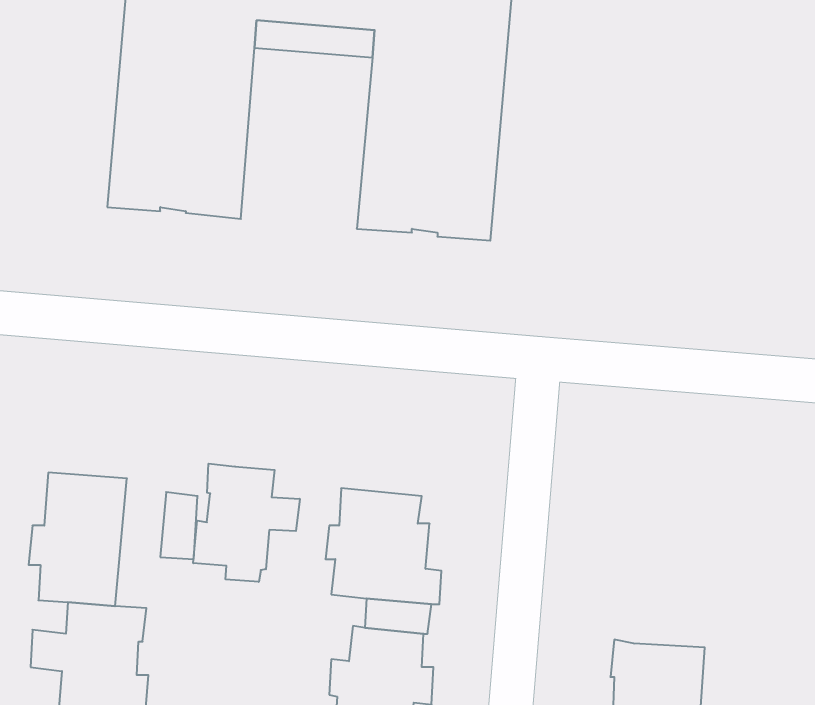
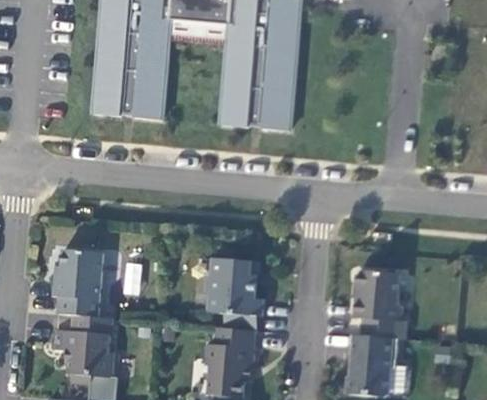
building: [193,464,300,582] -> none
building: none -> [354,270,406,339]

